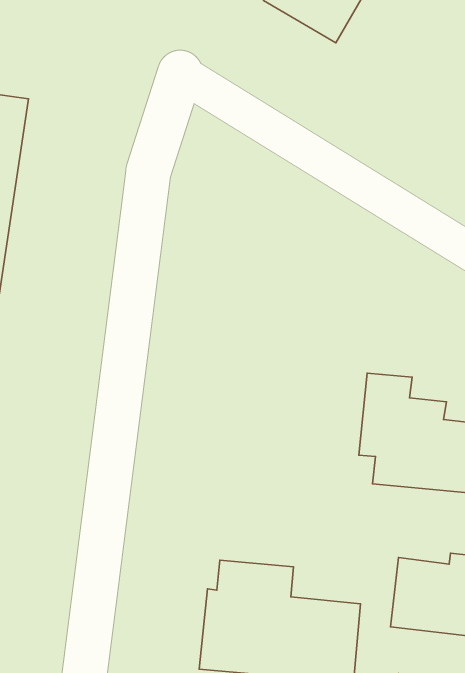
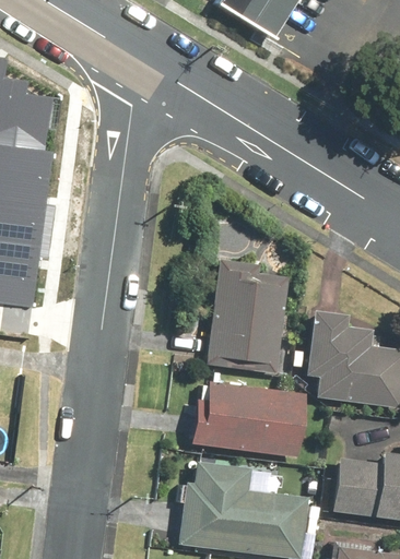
building: none -> [211,265,292,369]
building: none -> [191,381,309,457]

